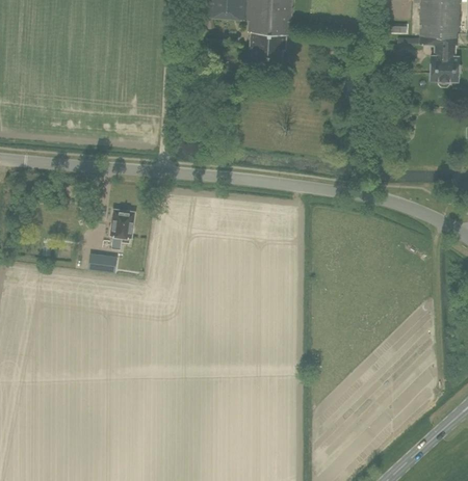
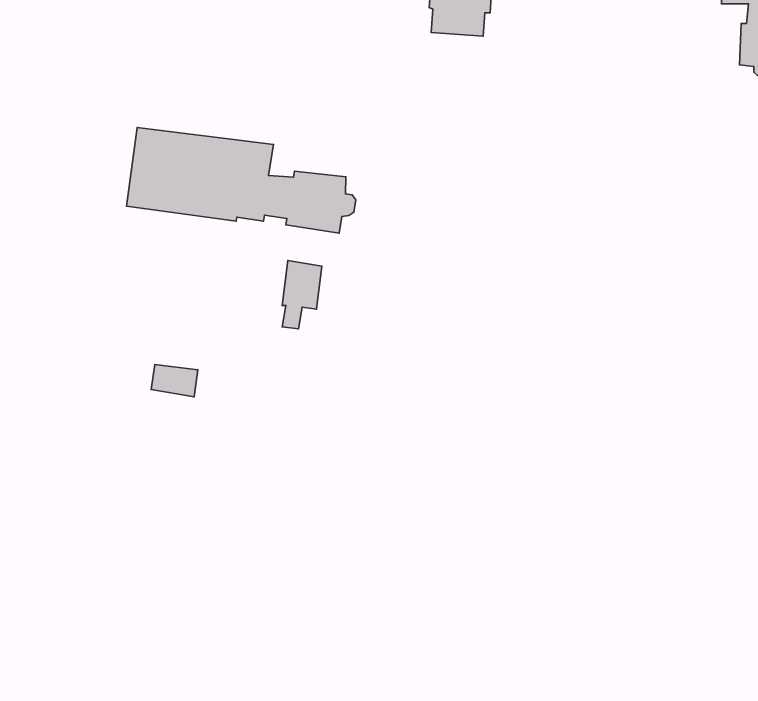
building: none -> [127,127,356,233]
building: [110,208,133,247] -> [282,261,322,329]

